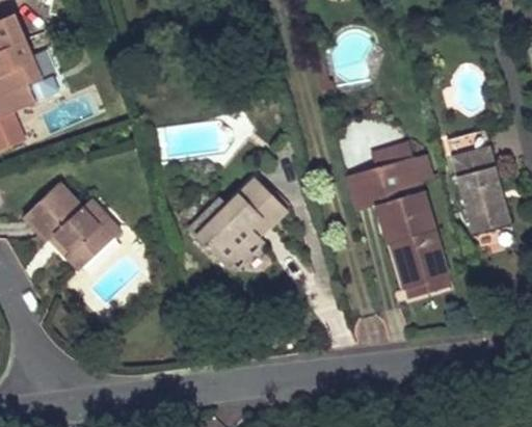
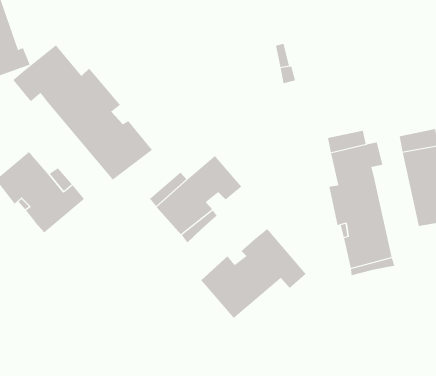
building: none -> [13,44,153,181]
building: [344,168,385,211] -> none
building: none -> [201,228,306,319]

